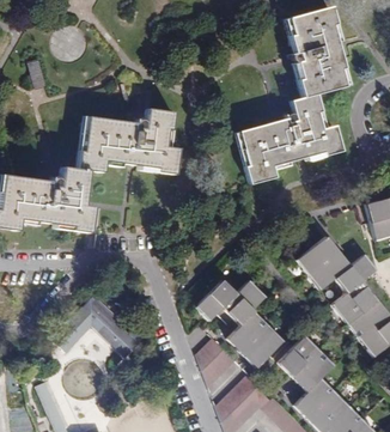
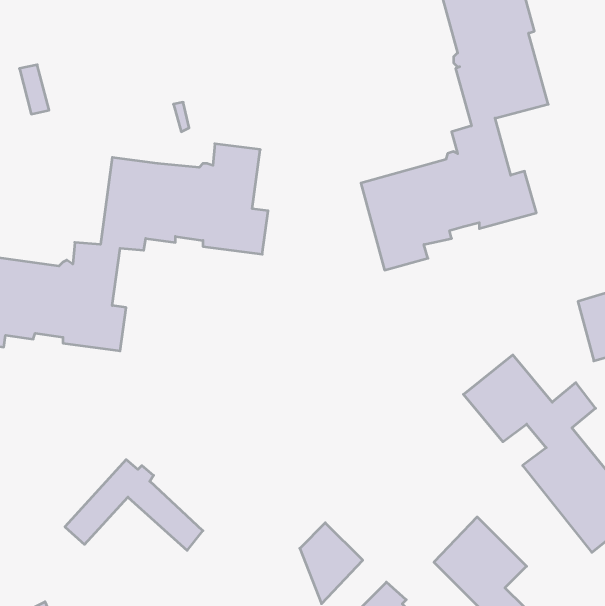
building: [196,279,285,367] -> none

